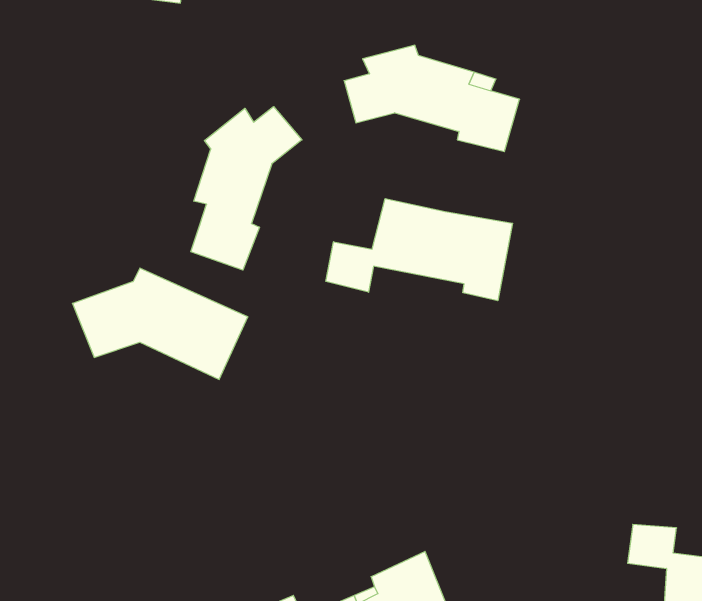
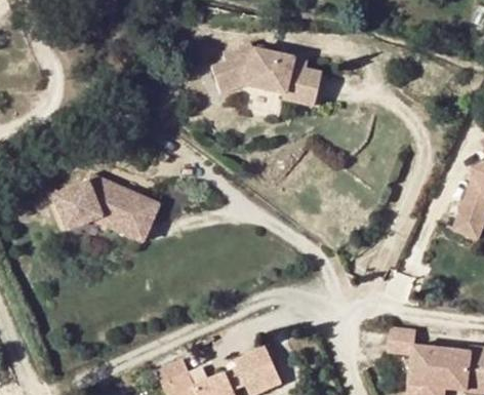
building: [191,107,302,270] -> none
building: [326,199,513,301] -> none

